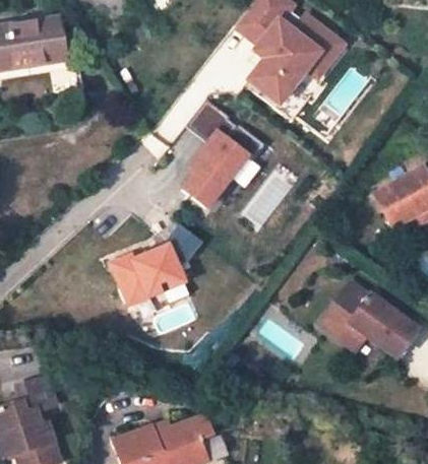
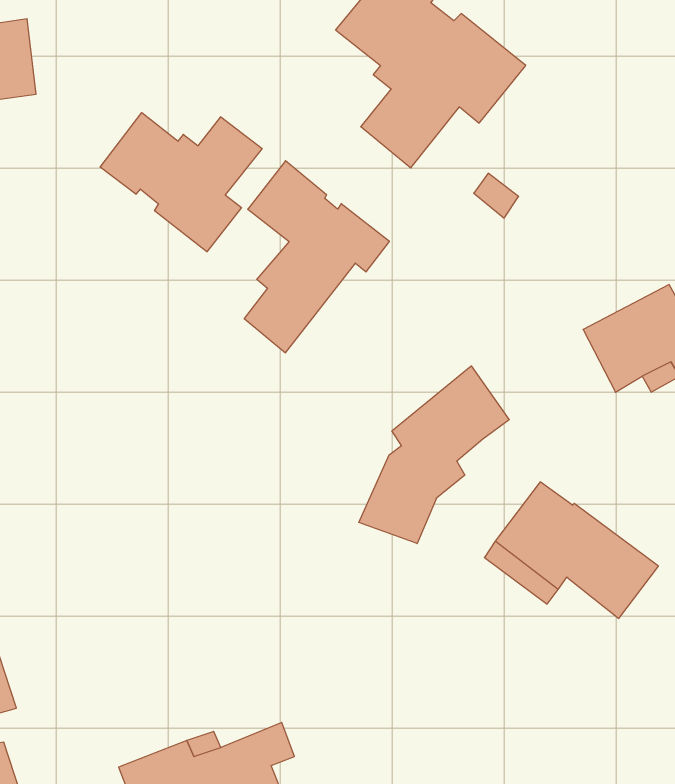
building: none -> [100,113,262,252]
building: none -> [359,366,509,544]
building: [112,222,203,303] -> none

